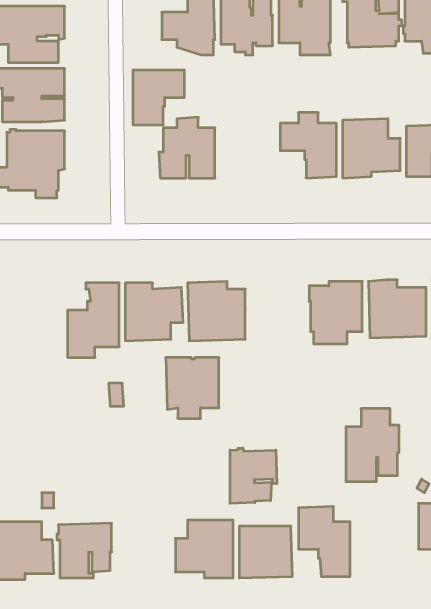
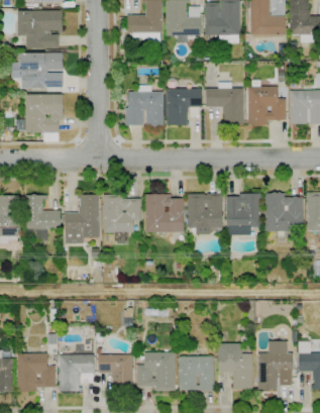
building: [133,70,184,125] -> [167,89,201,125]
building: none -> [25,195,61,241]
building: [166,358,219,418] -> [187,194,222,234]
building: [346,409,399,482] -> [257,341,293,390]
building: [230,448,277,503] -> none
building: none -> [98,354,132,392]

